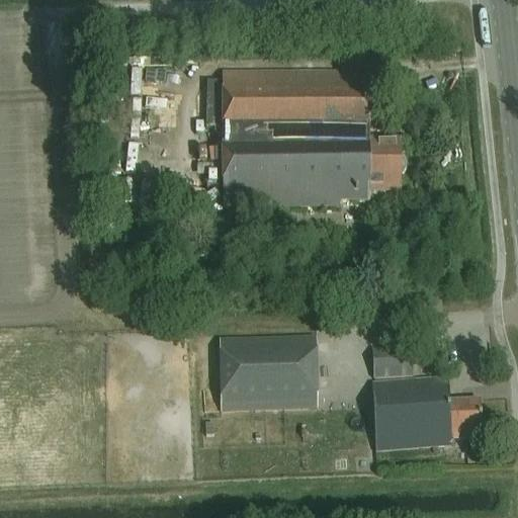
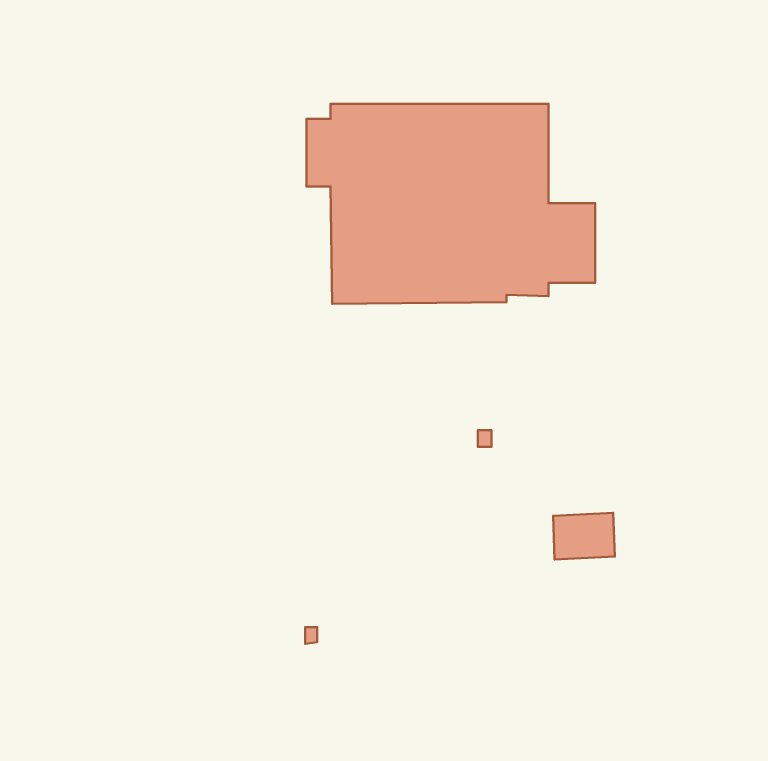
building: [221,336,316,408] -> none
building: [372,375,482,449] -> none

